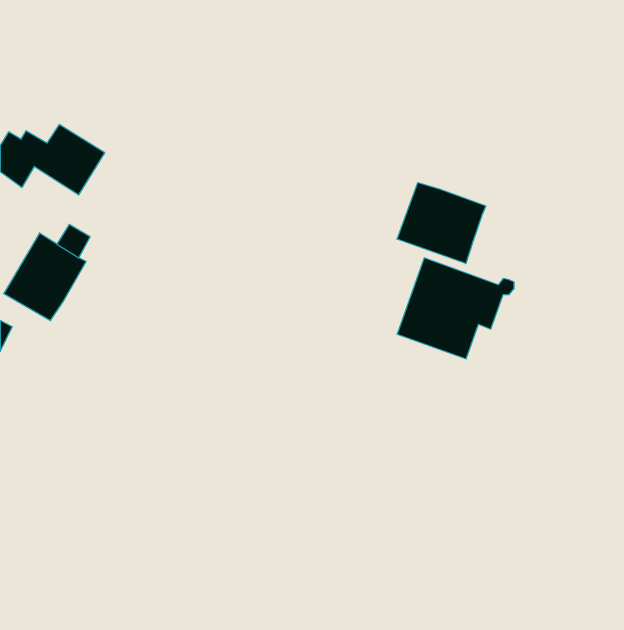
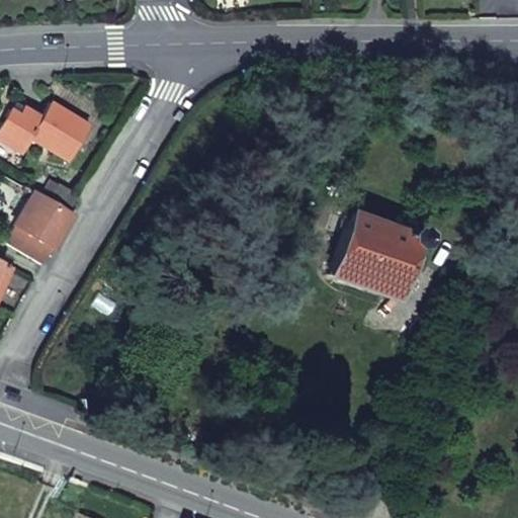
building: [397,183,486,264] -> none

